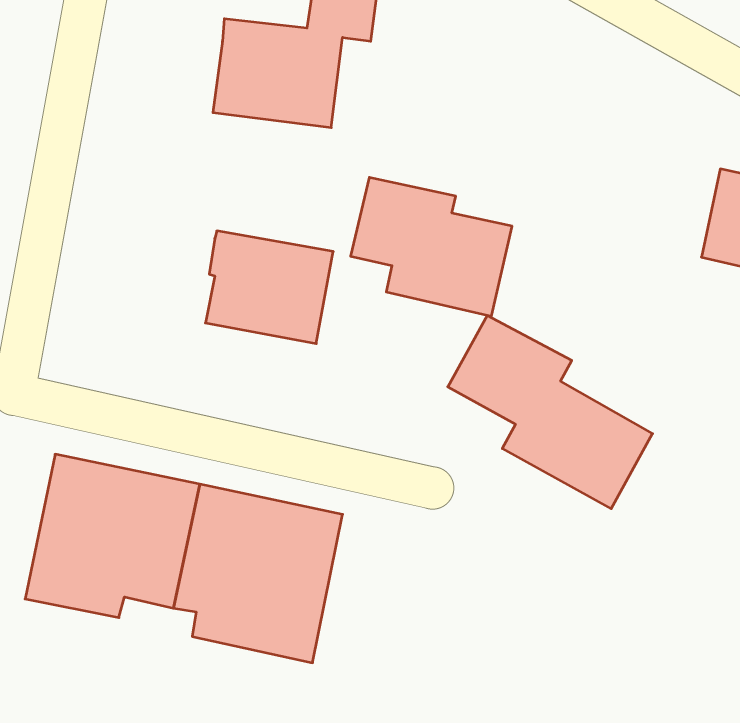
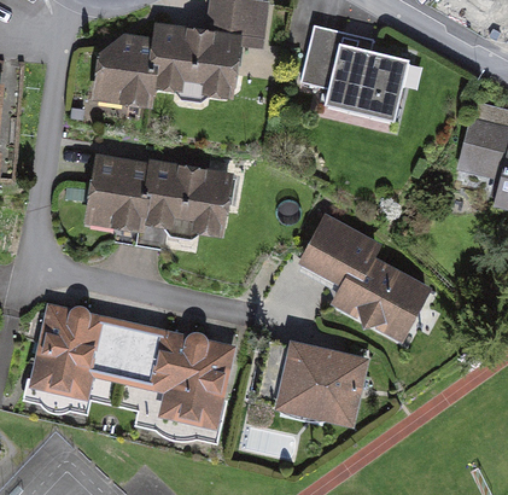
building: none -> [94,34,154,103]
building: [351,177,512,316] -> [304,30,408,120]
building: none -> [86,156,150,229]
building: none -> [276,343,368,424]

